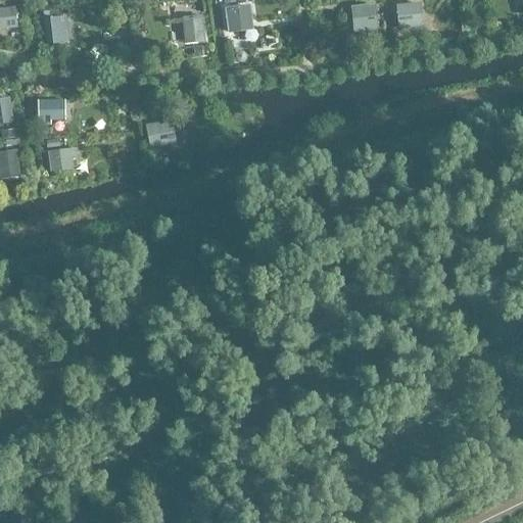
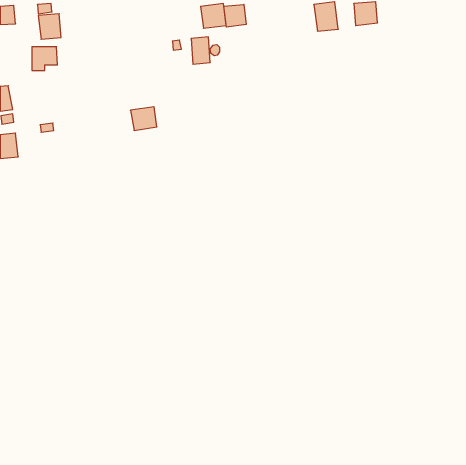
building: none -> [224,4,246,27]
building: [183,13,204,44] -> [191,37,210,64]
building: [37,99,65,126] -> [32,47,57,70]
building: [49,147,79,171] -> none

